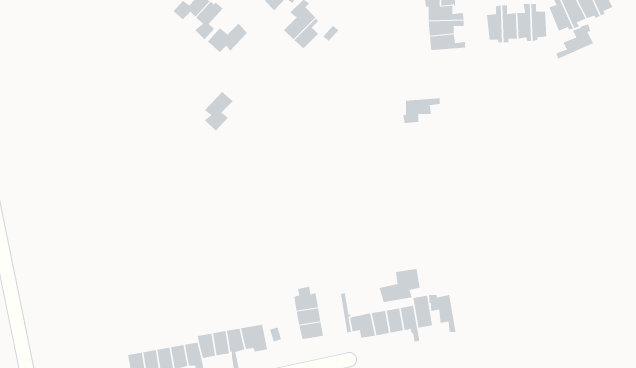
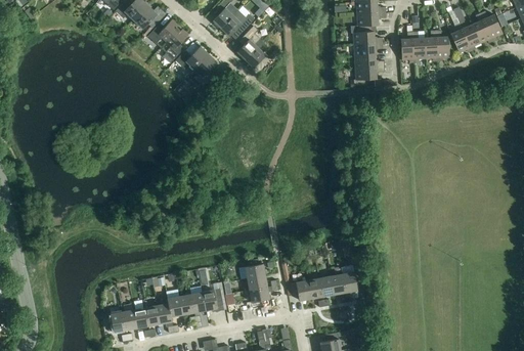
building: [556,24,594,60] -> none
building: [204,91,233,132] -> [193,54,217,87]
building: [403,98,441,123] -> [353,67,384,87]
building: [379,268,420,303] -> none
building: [429,294,456,333] -> none

